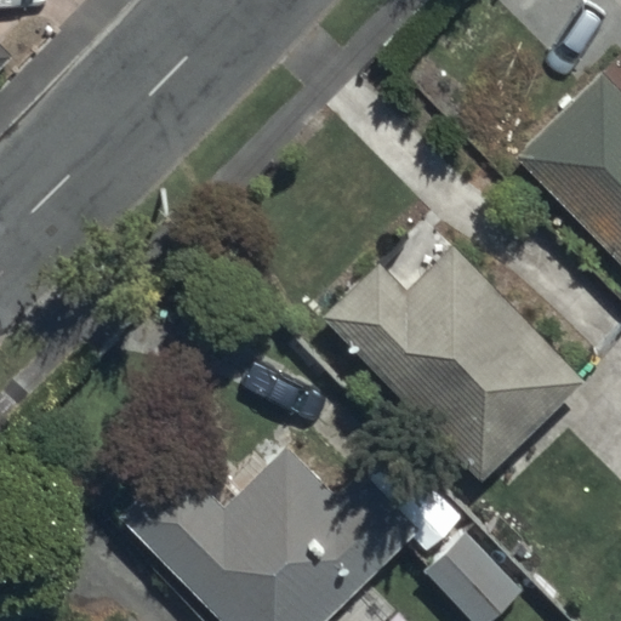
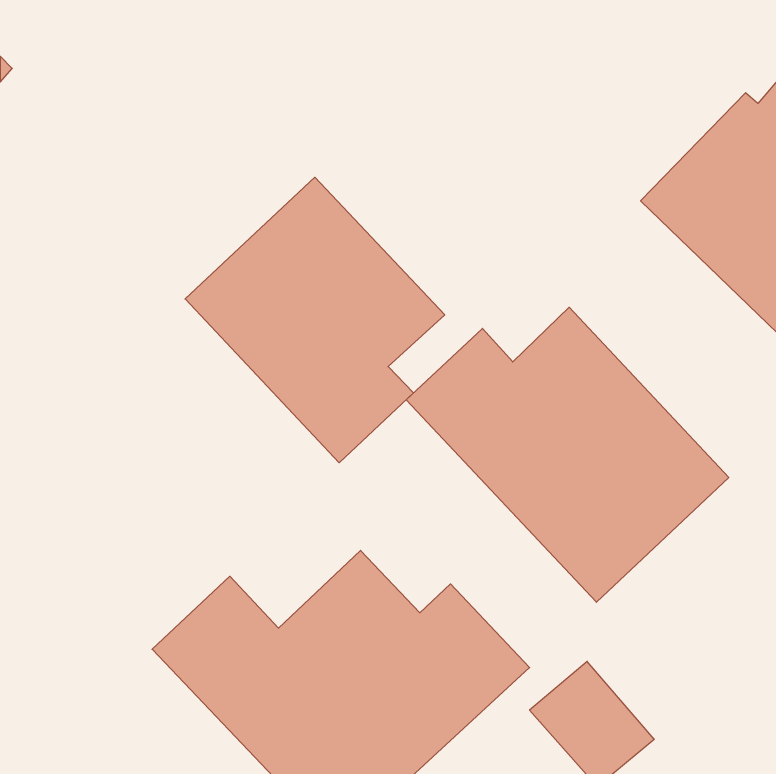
building: none -> [185,177,445,463]

